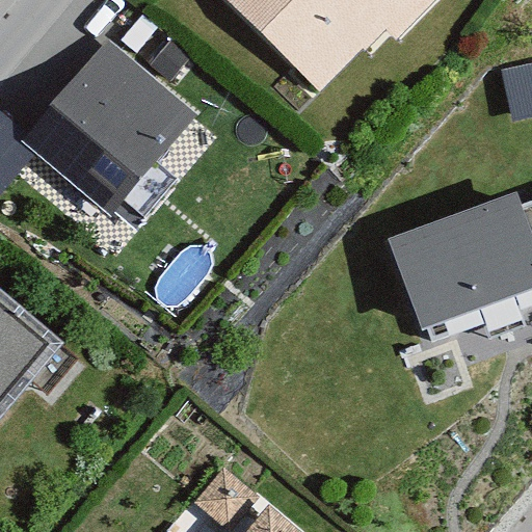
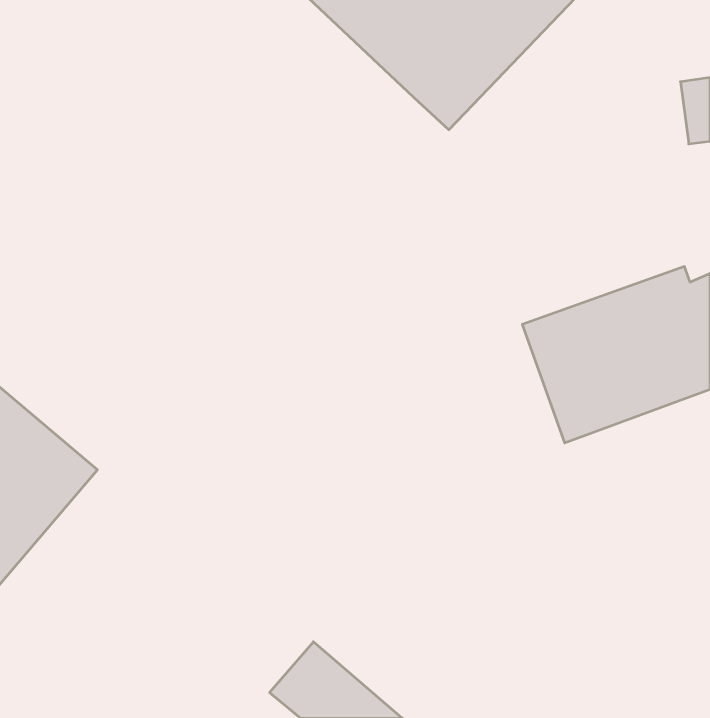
building: [23,43,197,217] -> none

